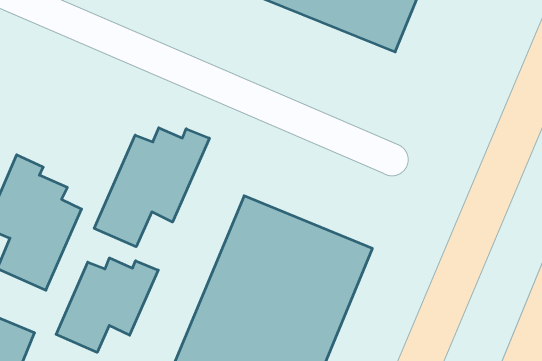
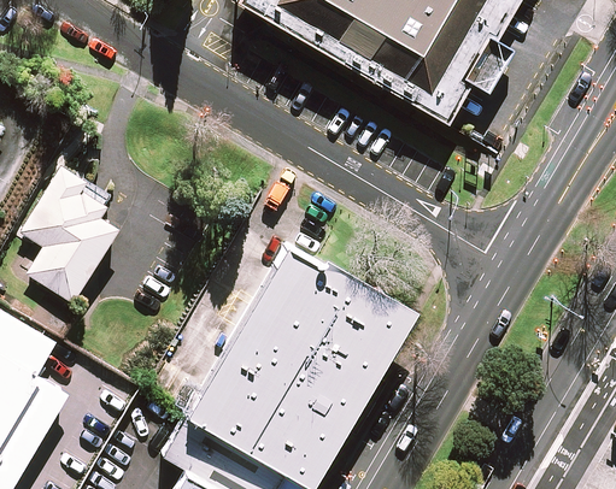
building: [94,128,209,247] -> none
building: [56,258,158,352] -> none

